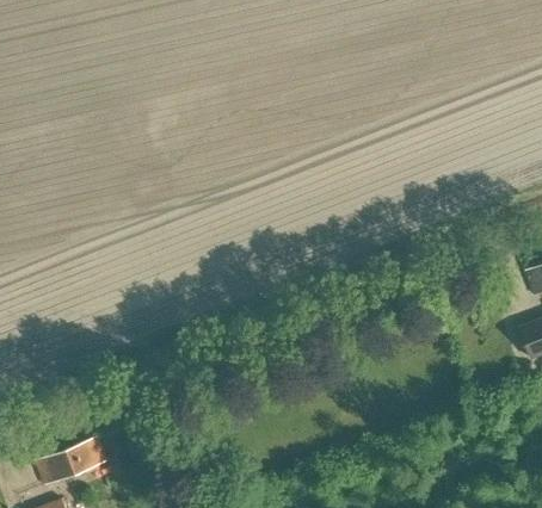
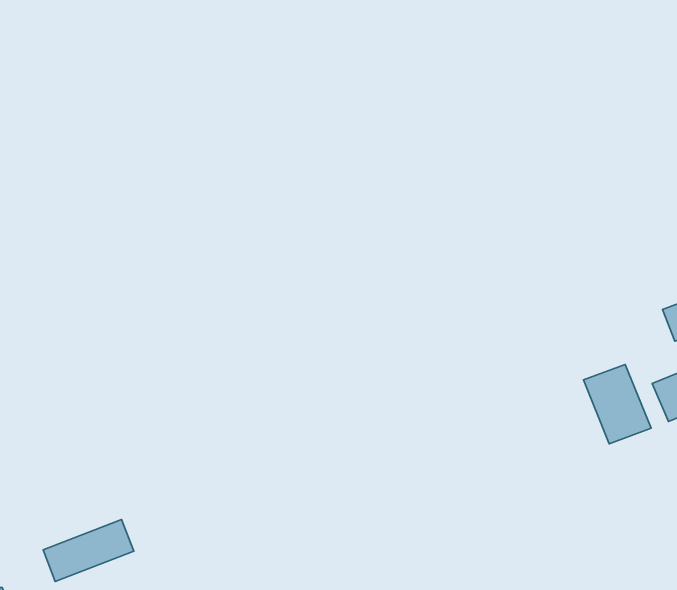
building: none -> [583,364,651,444]

